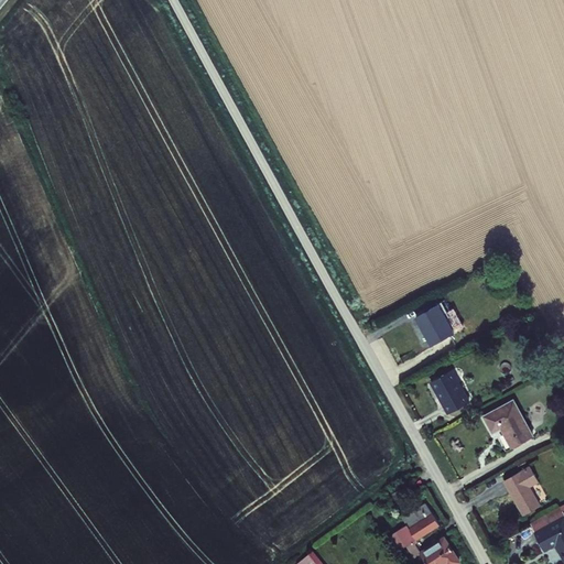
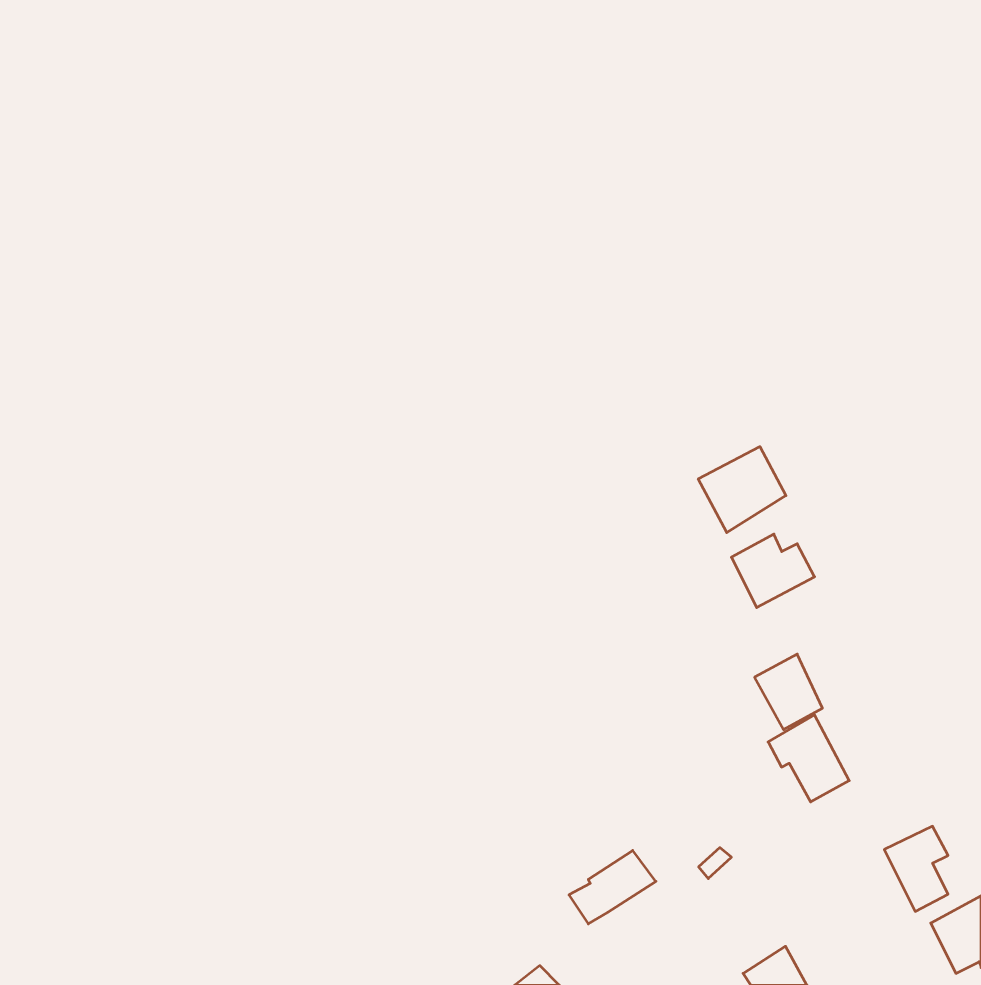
building: none -> [698,447,786,533]
building: [487,402,533,452] -> [768,715,849,802]
building: [393,506,443,547] -> [569,850,656,924]

